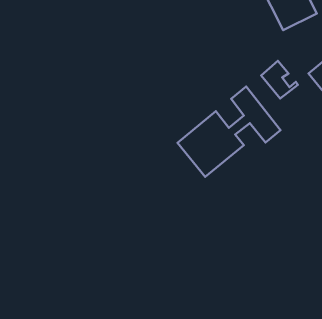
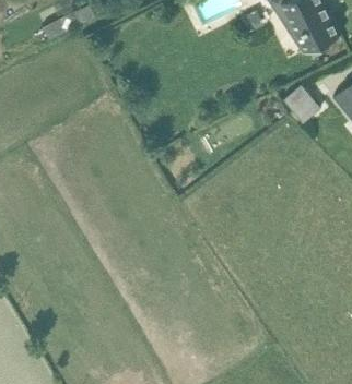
building: [177,87,281,177] -> none

